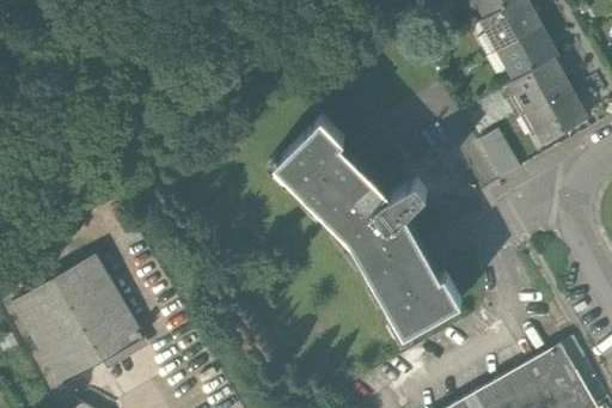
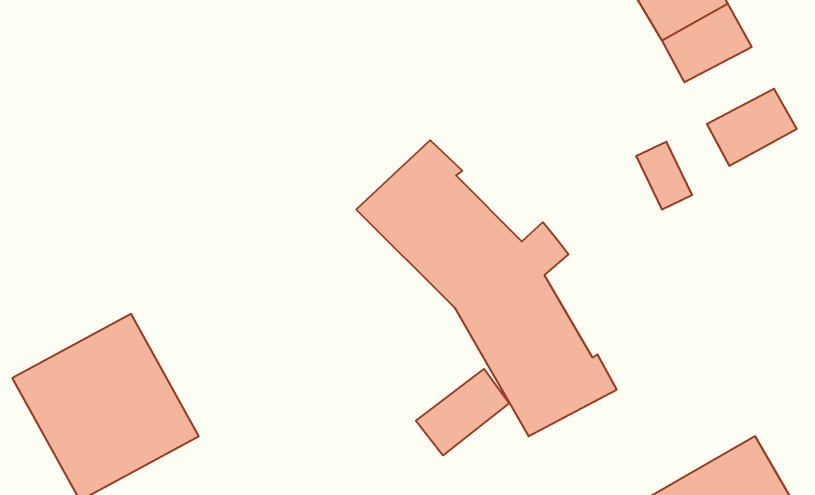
building: [509,53,576,110] -> none
building: none -> [416,369,509,455]

